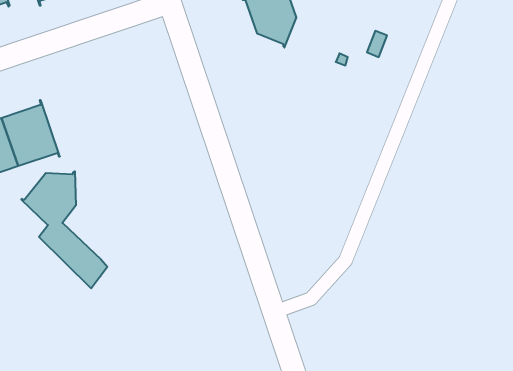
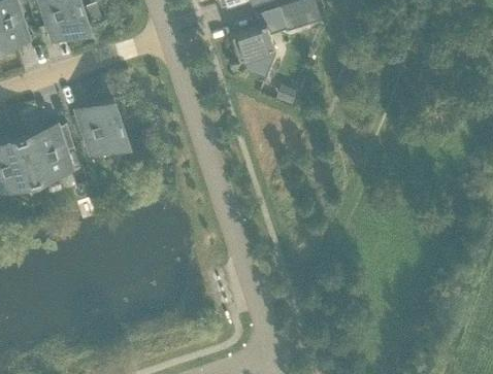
building: none -> [76,100,127,158]
building: [21,171,107,288] -> none

